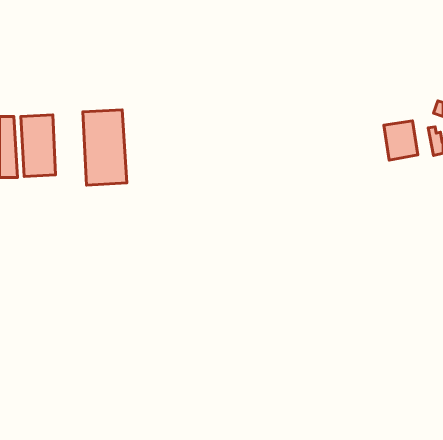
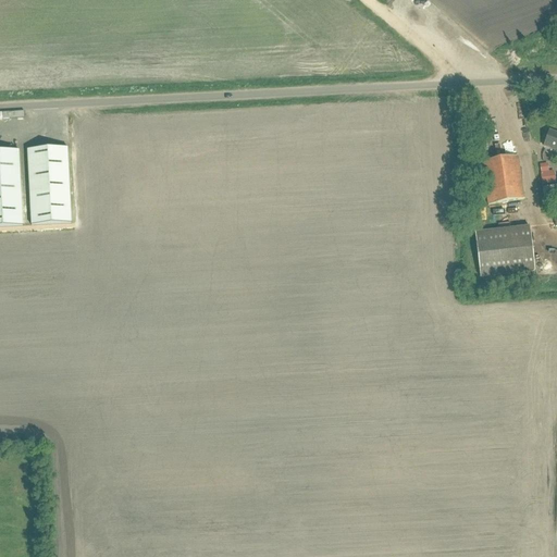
building: [83,110,127,185] -> none
building: none -> [479,223,537,274]

